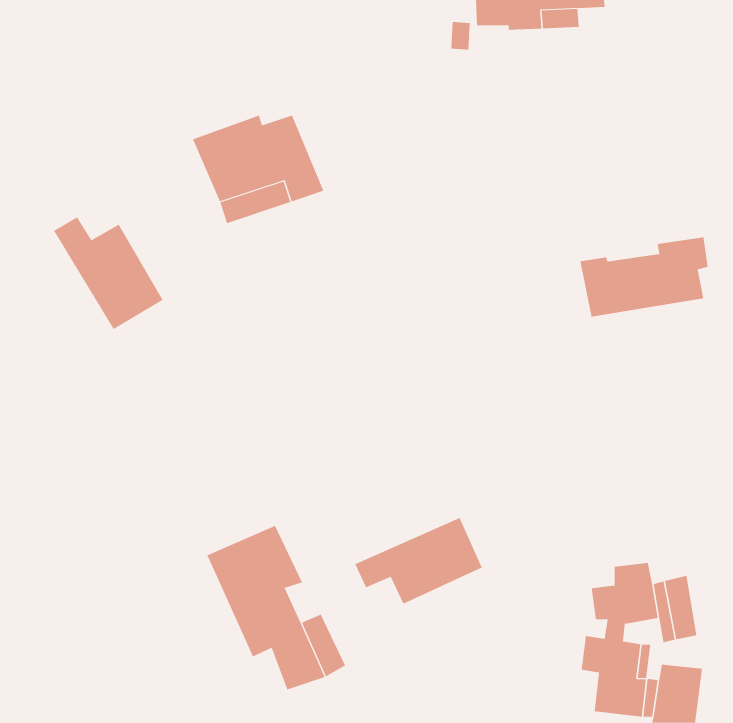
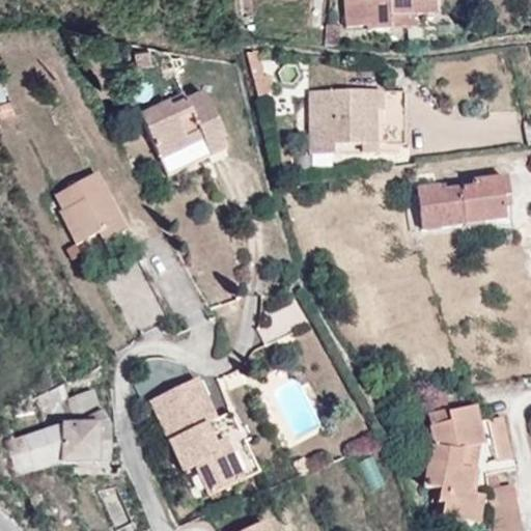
building: none -> [310,85,403,148]
building: [354,517,483,605] -> none
building: none -> [6,382,106,479]

